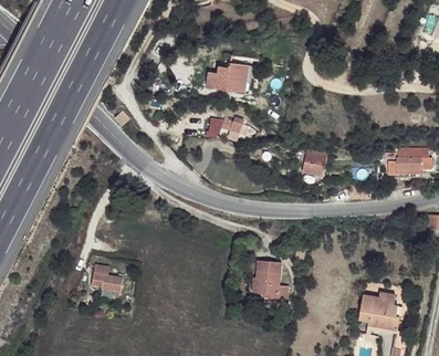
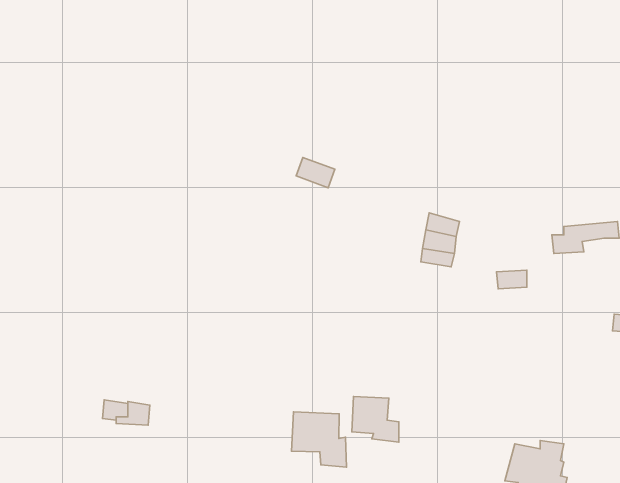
building: [213,66,254,98] -> none
building: none -> [292,412,347,467]

